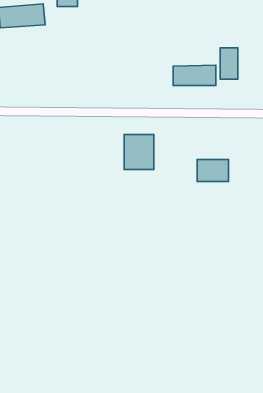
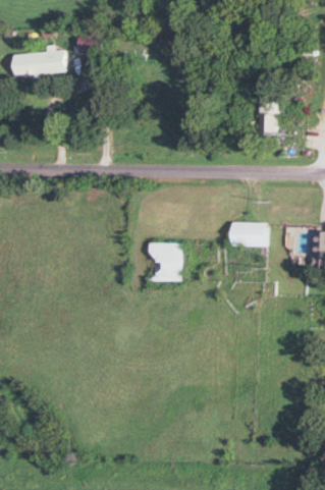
building: [173,65,216,85] -> none
building: [124,134,154,169] -> [151,242,183,281]

